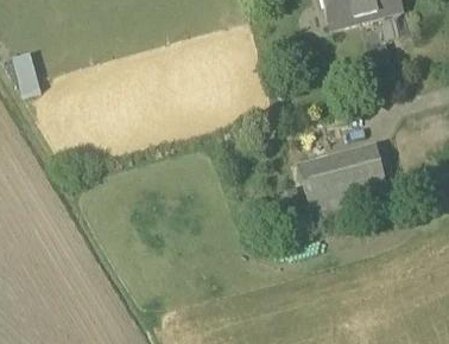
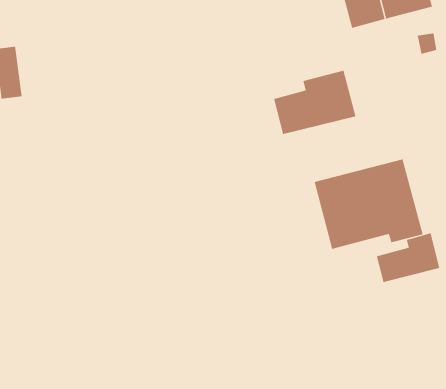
building: none -> [273,70,356,135]
building: none -> [376,232,440,283]

